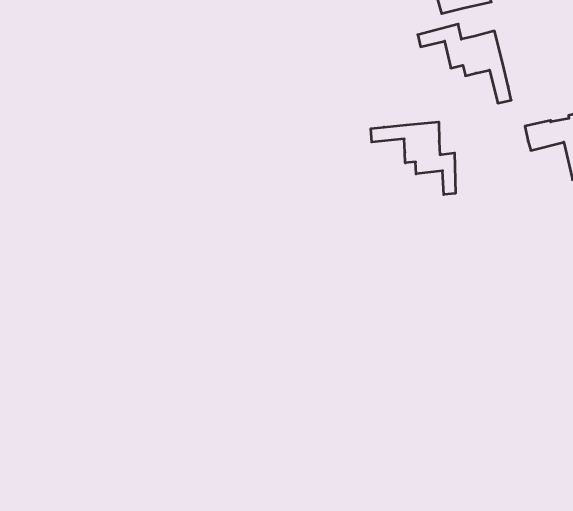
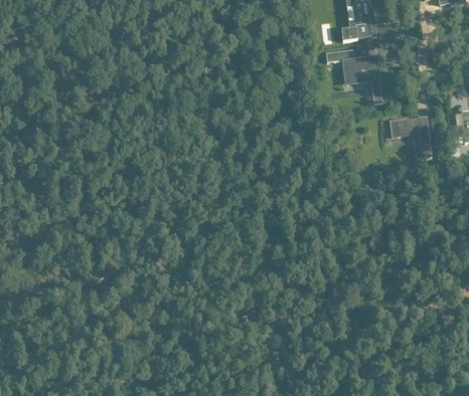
building: [371,122,455,195] -> none

